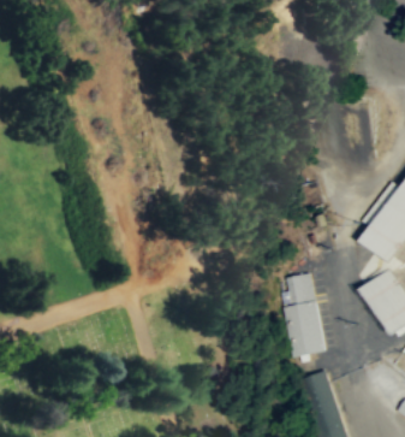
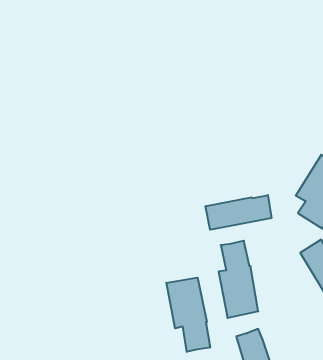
building: none -> [206,195,272,230]
building: none -> [166,278,210,352]

